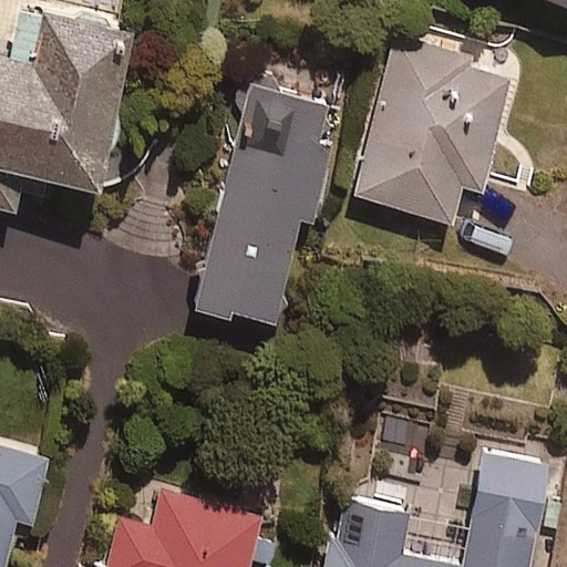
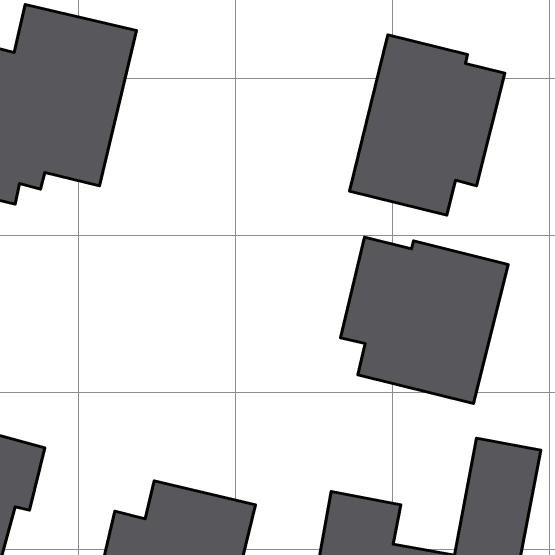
building: [197,90,333,321] -> none
building: none -> [340,237,508,403]

